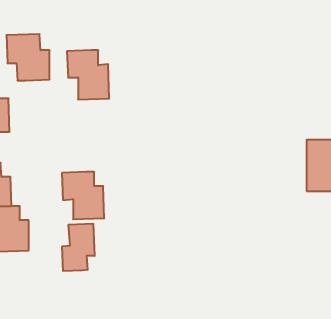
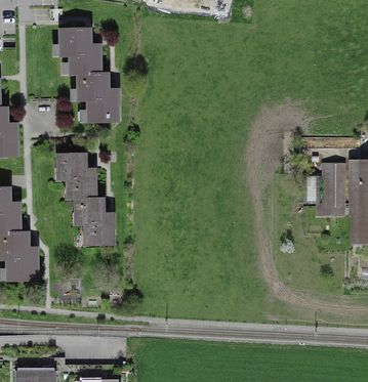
building: [6,34,50,80] -> [57,26,101,73]
building: none -> [54,153,96,197]
building: [62,224,95,271] -> none

